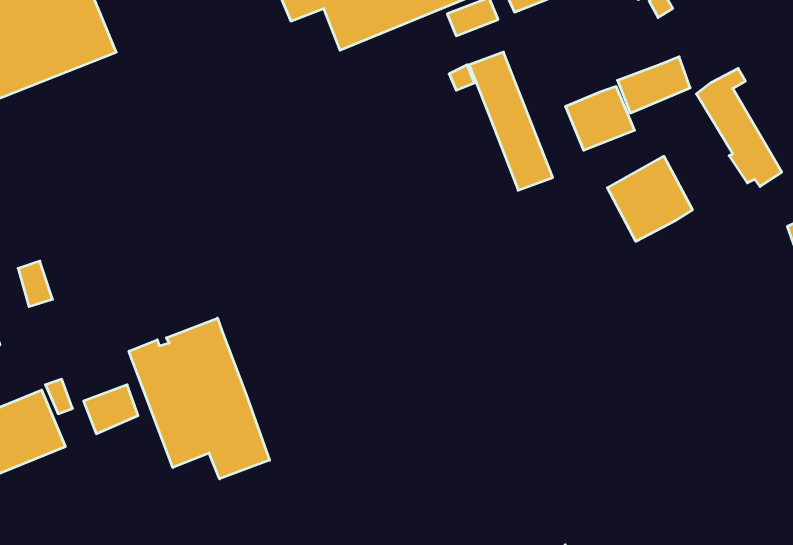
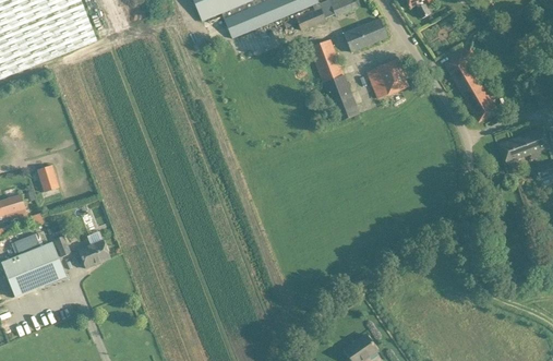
building: [617,57,690,113] -> [344,17,387,51]
building: [607,156,692,241] -> none
building: [129,318,270,479] -> none

